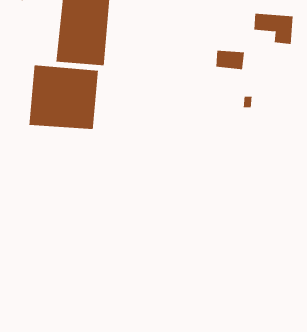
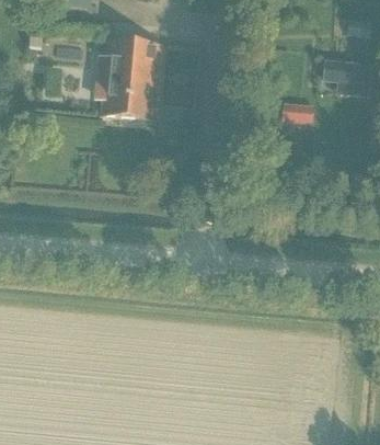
building: [29,64,99,130] -> none

